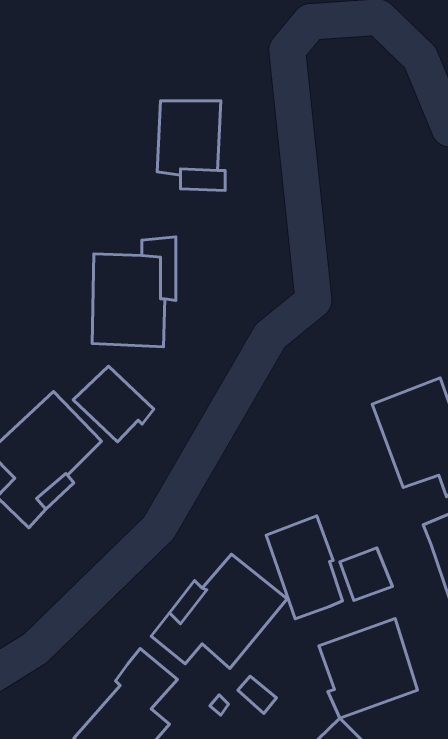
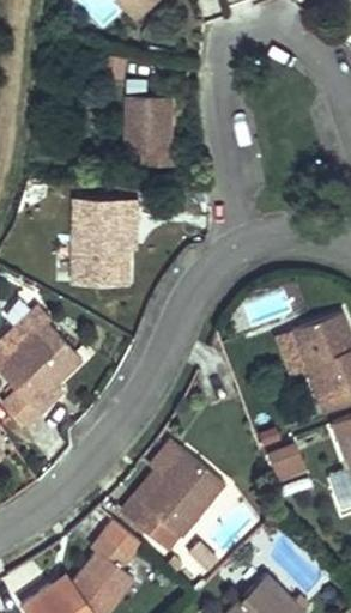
building: [73,366,154,442] -> none
building: [266,516,343,619] -> none
building: [319,619,418,718] -> none

